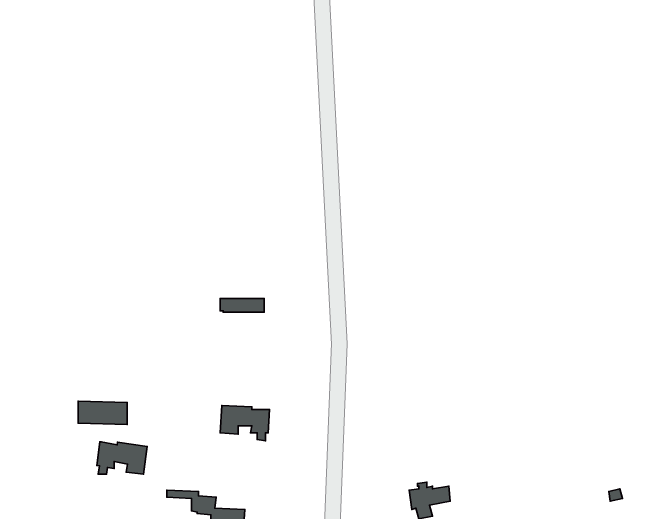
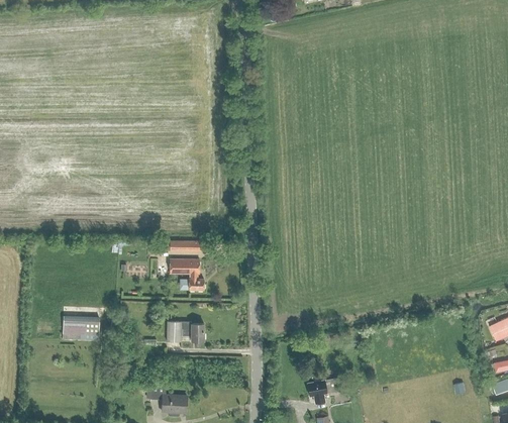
building: none -> [170,258,203,290]
building: [97,442,147,474] -> none

